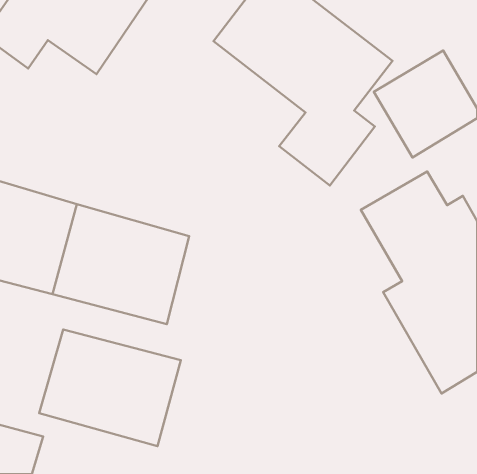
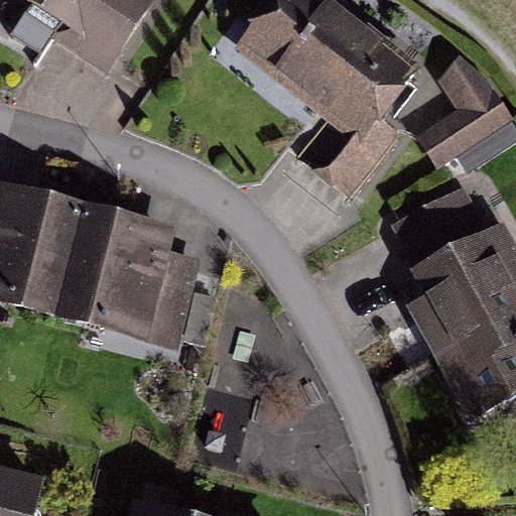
building: [39,330,181,446] -> none

